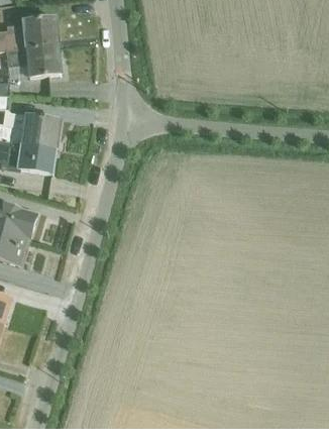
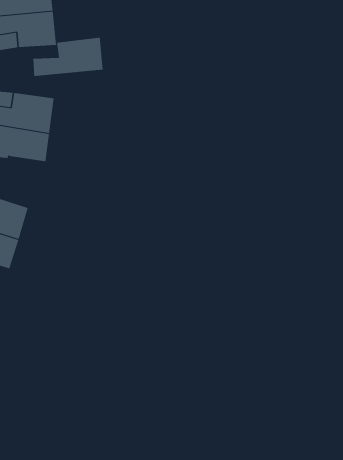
building: none -> [33,37,103,77]

